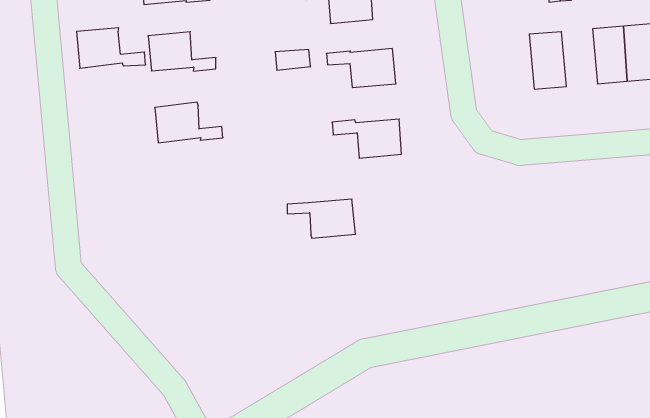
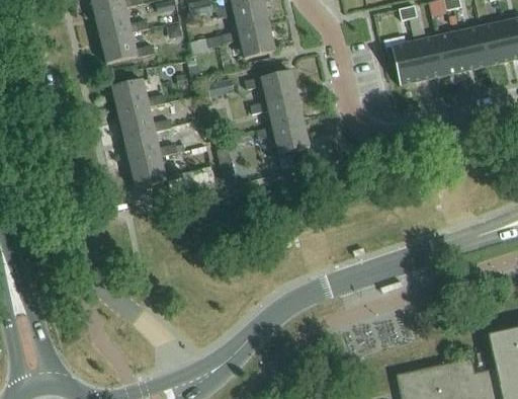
building: [77,28,146,68] -> [119,105,173,139]
building: none -> [414,37,445,82]
building: none -> [132,156,184,189]
building: [287,199,355,238] -> [252,97,305,130]

